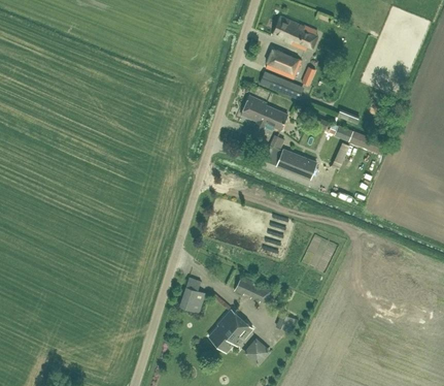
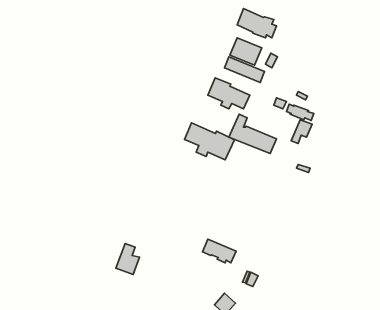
building: none -> [185,123,235,160]
building: [179,278,206,313] -> [116,244,140,275]
building: [208,309,252,352] -> none

